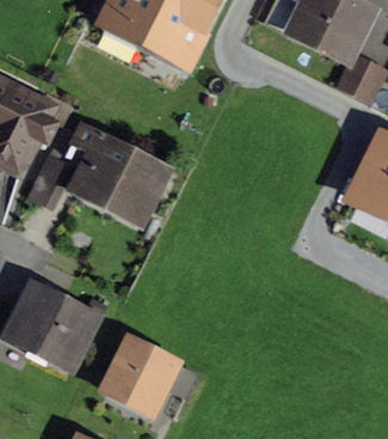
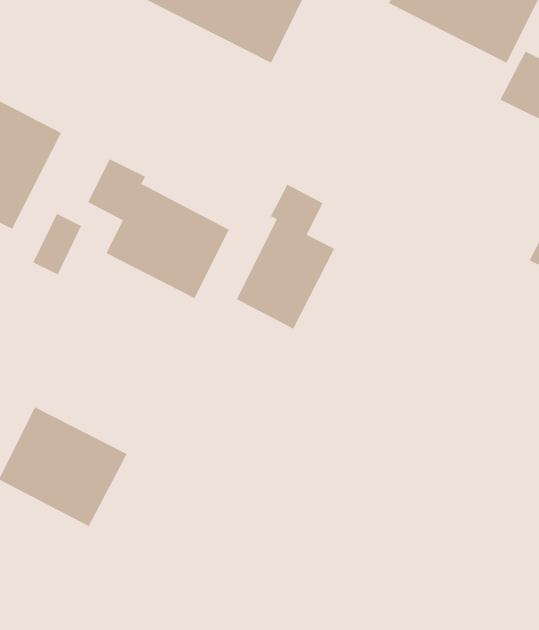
building: none -> [236,184,335,329]
building: [109,342,196,407] -> none

